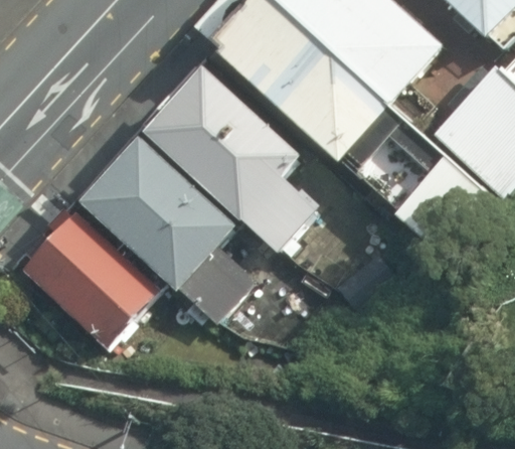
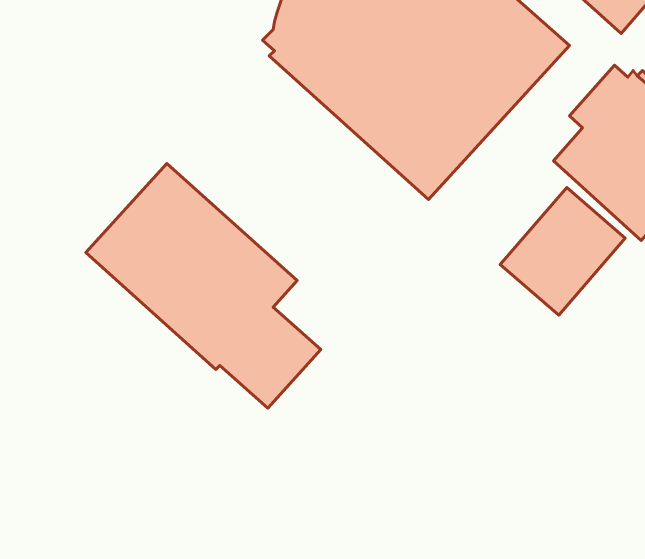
building: [147,67,316,249] -> none
building: [24,203,157,344] -> none

